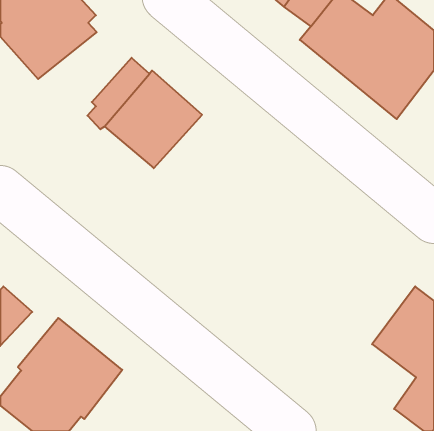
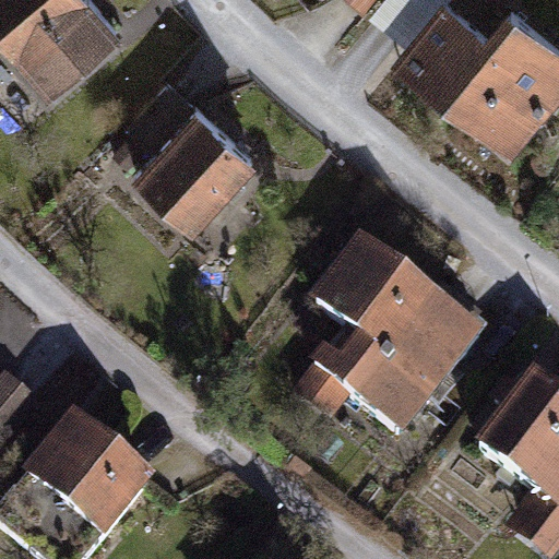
building: none -> [295,231,484,435]

